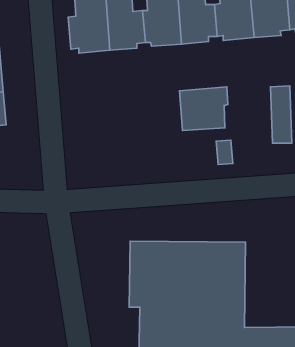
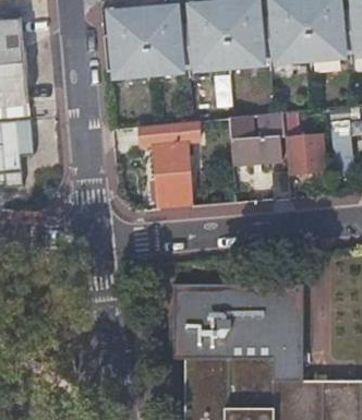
building: none -> [286,111,323,166]
building: none -> [141,120,191,205]

